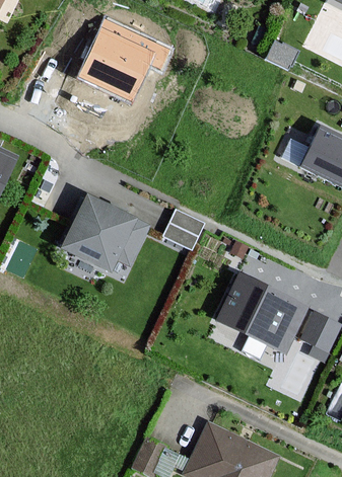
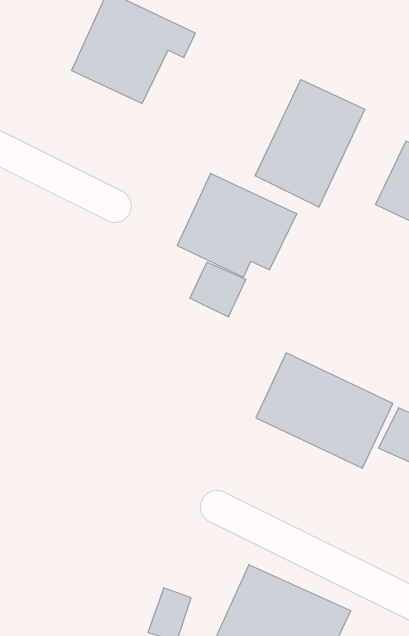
building: none -> [255,80,365,207]
building: [65,195,149,268] -> [177,173,297,277]

